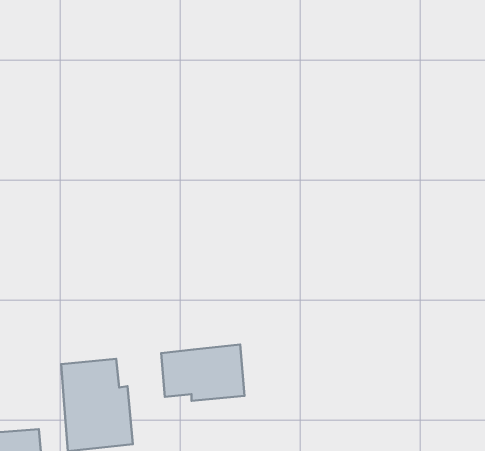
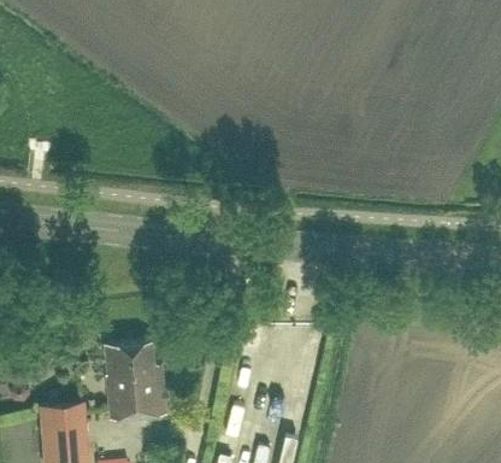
building: [161,345,244,401] -> none

